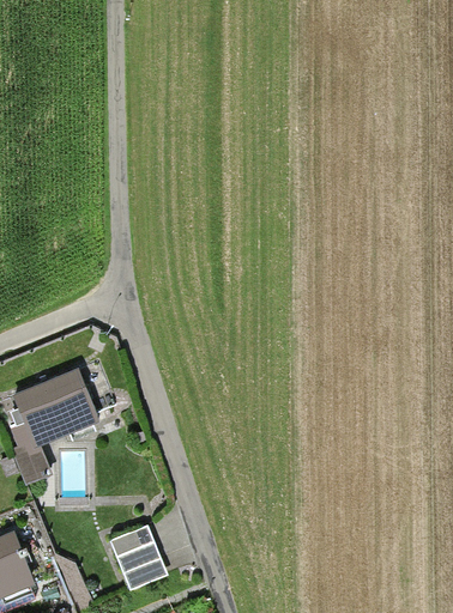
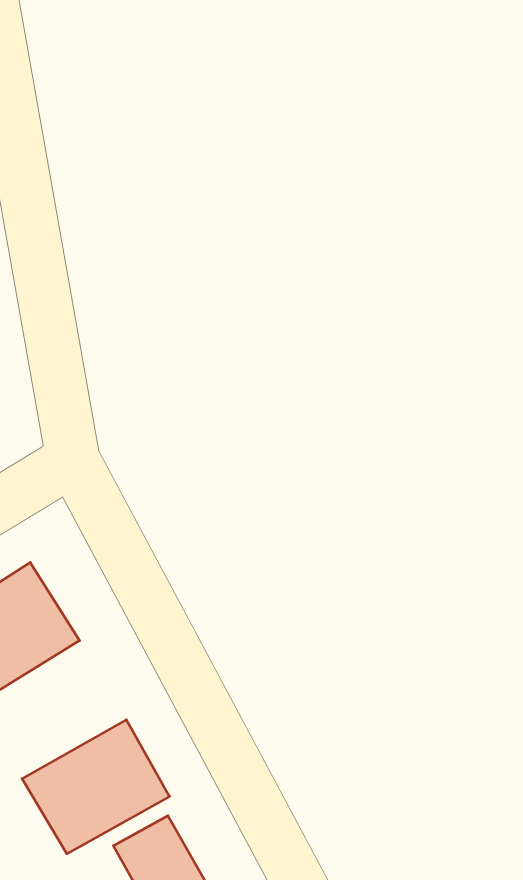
building: none -> [22,720,170,854]

